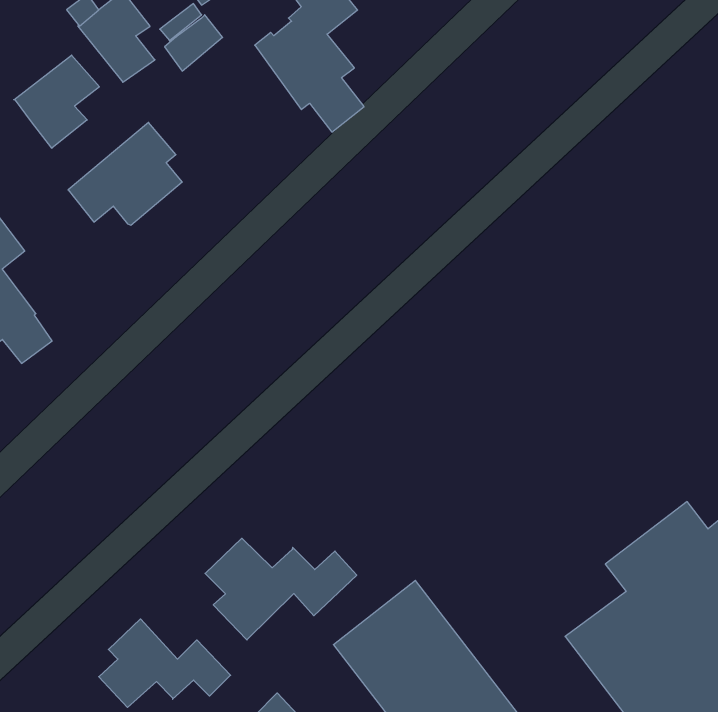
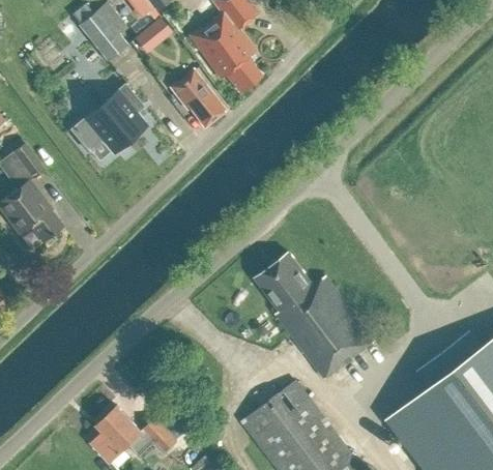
building: [14,55,99,148] -> none
building: none -> [168,68,223,125]
building: none -> [255,254,373,379]
building: [205,538,357,640] -> none

